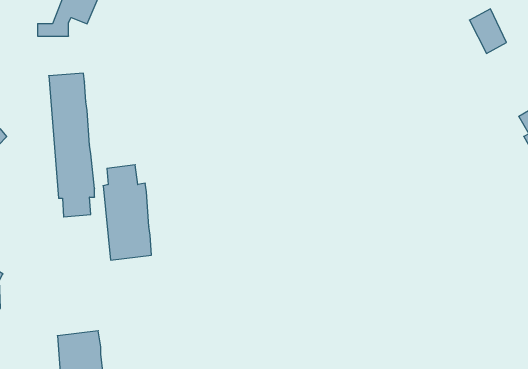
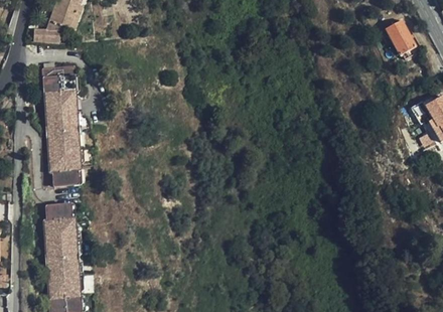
building: [103,165,151,260] -> [43,206,83,284]

